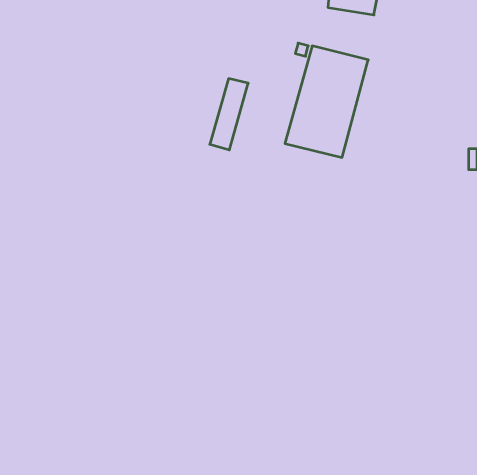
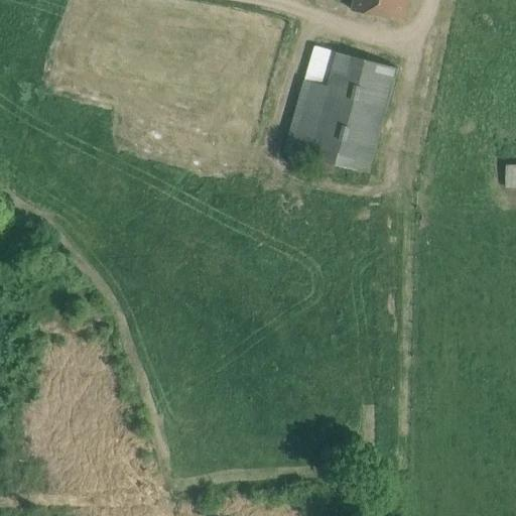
building: [210,79,248,150] -> [285,78,327,154]

